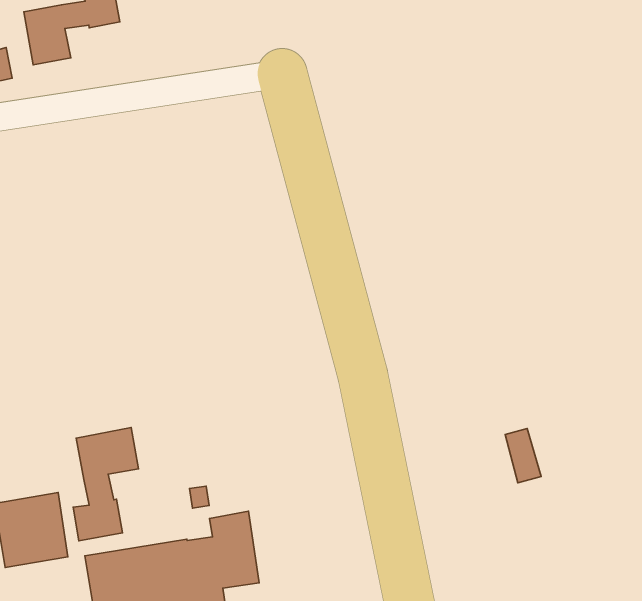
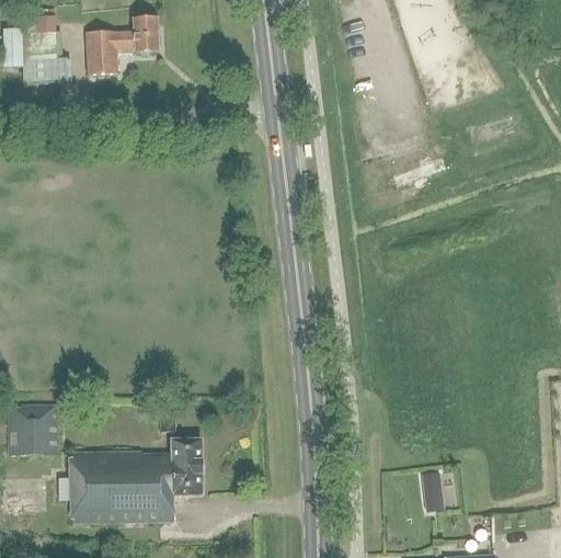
building: [73,428,139,541] -> none
building: [505,428,541,483] -> [421,470,444,511]

